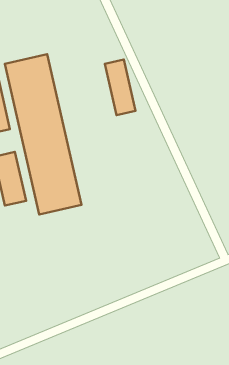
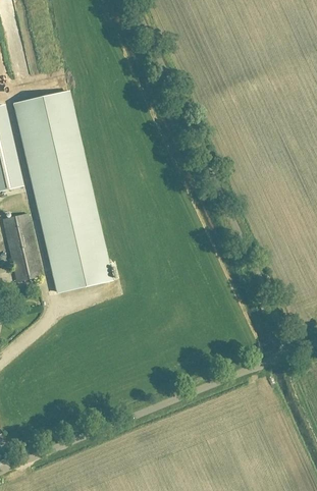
building: [105,59,136,115] -> none

